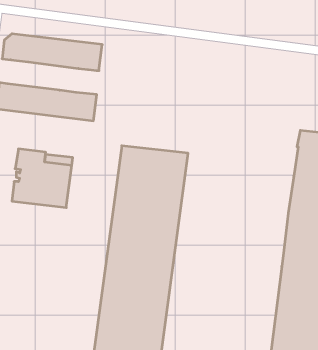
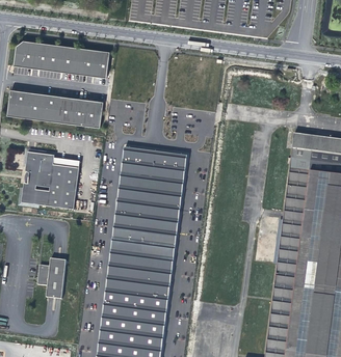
building: none -> [36,257,67,299]

